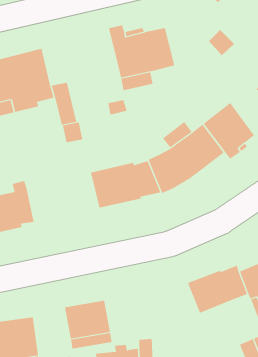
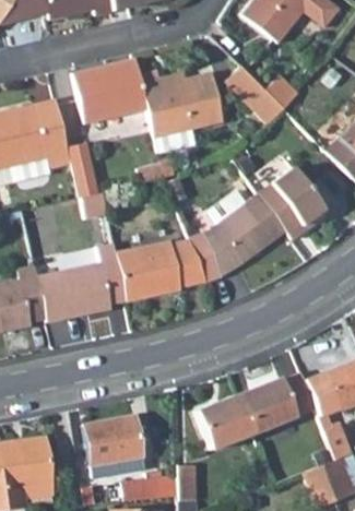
building: none -> [73,59,149,123]
building: none -> [225,66,283,123]
building: none -> [38,243,128,322]
building: none -> [198,394,255,449]

